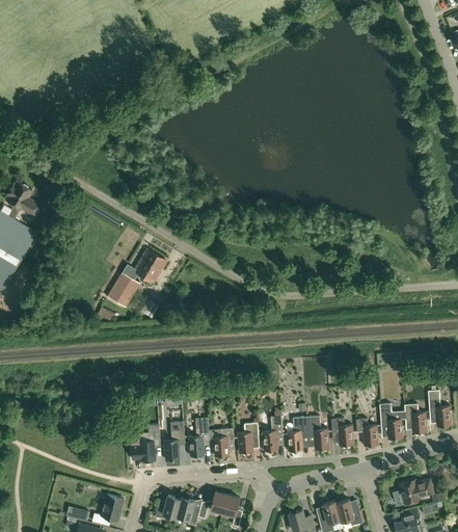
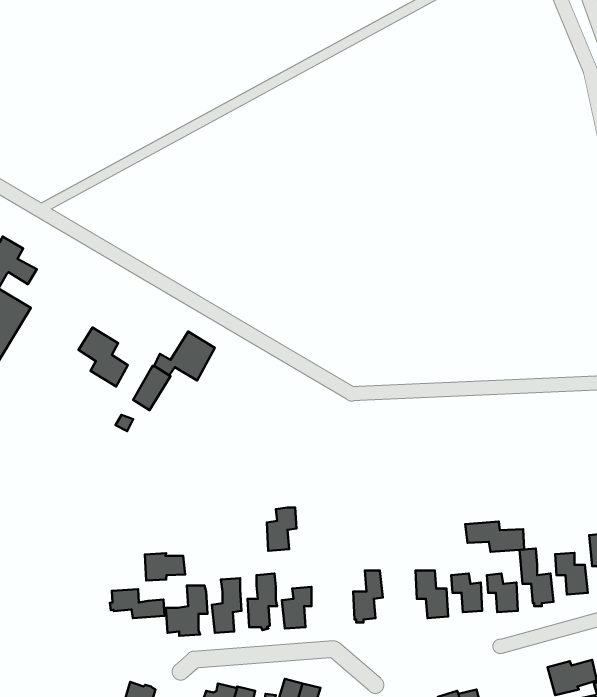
building: none -> [78,328,128,387]
building: none -> [465,522,524,552]
building: none -> [145,553,185,580]
building: [287,417,307,452] -> none
building: [238,423,259,453] -> [267,508,297,551]
building: none -> [110,589,165,618]

